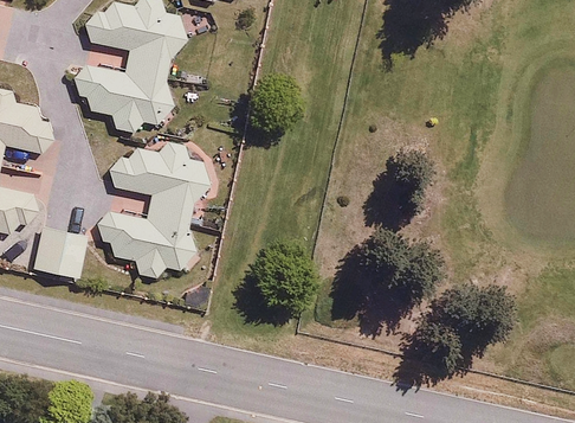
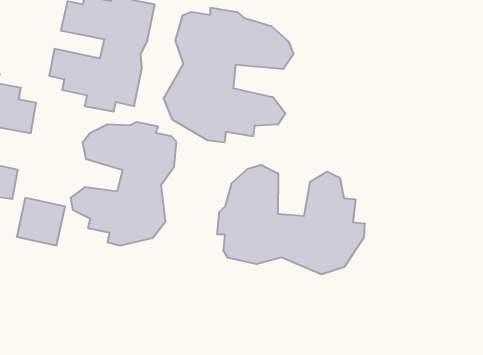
building: none -> [164,8,293,142]
building: none -> [217,165,365,274]

